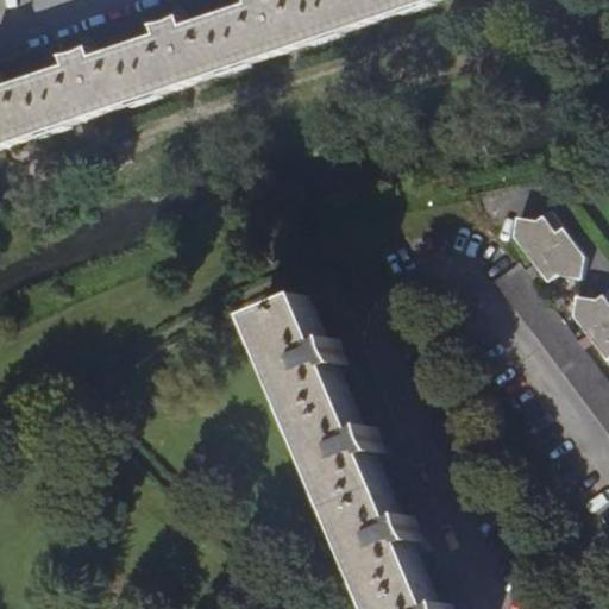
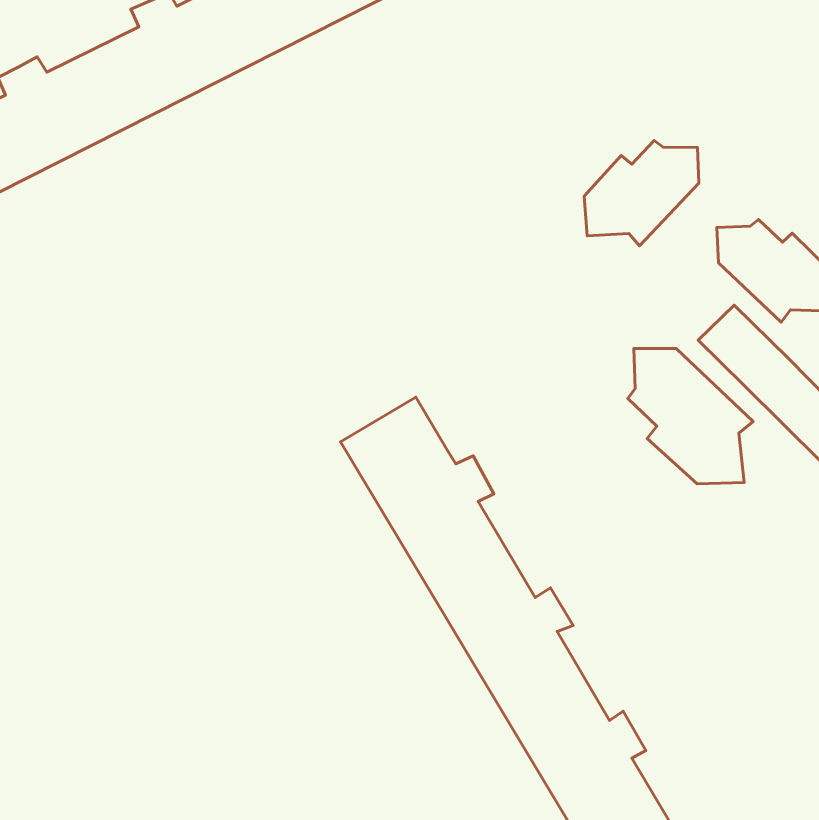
building: none -> [584,140,699,246]
building: none -> [628,348,753,484]

